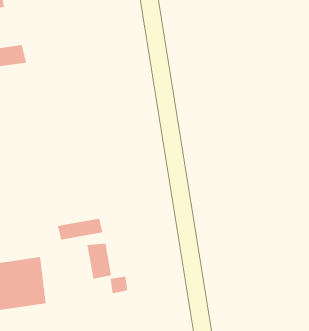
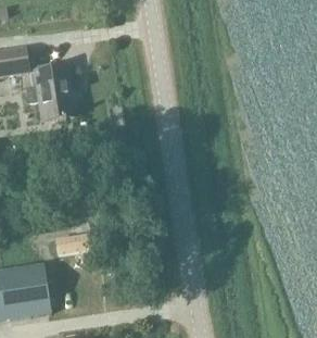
building: none -> [29,63,74,118]
building: [87,243,111,280] -> none

